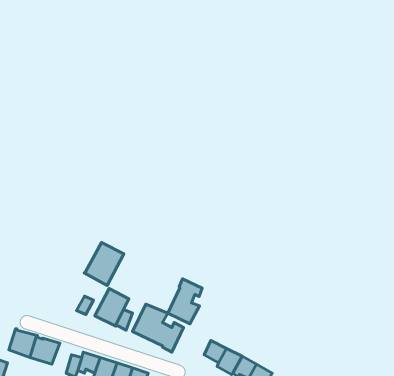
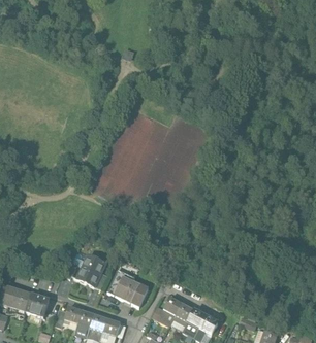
building: [84,242,124,285] -> none
building: [168,279,202,324] -> none

